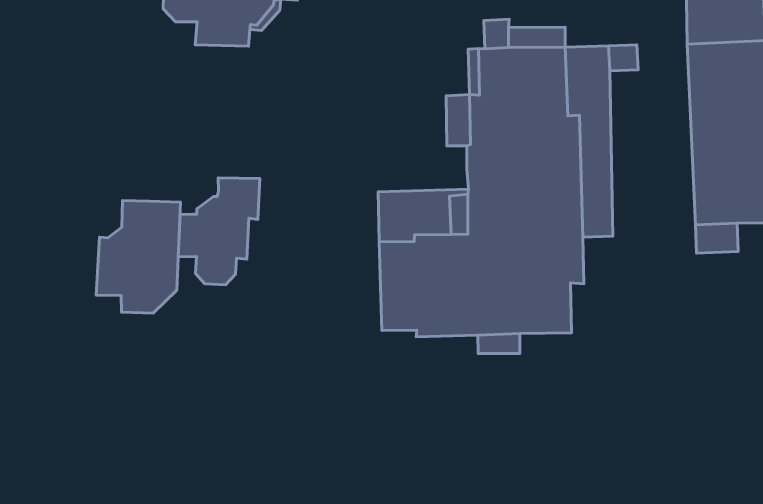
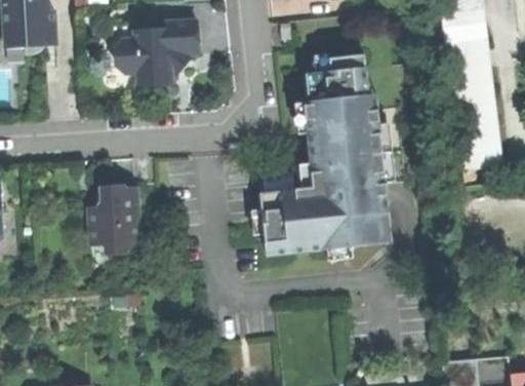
building: [178,178,260,285] -> none

